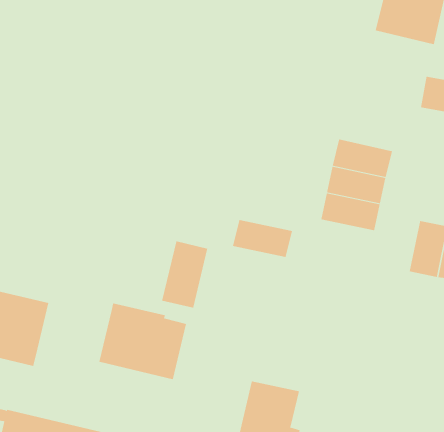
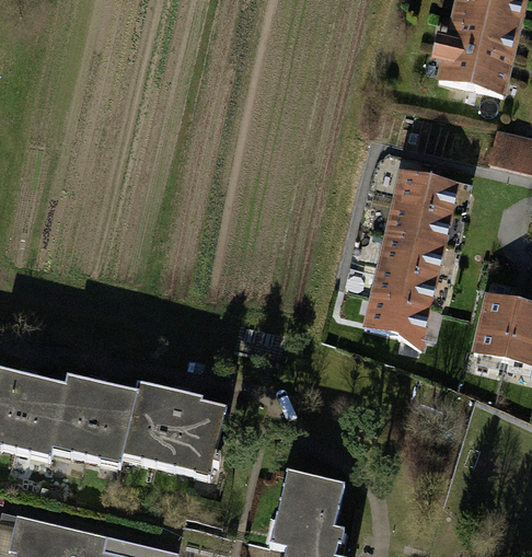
building: none -> [392,169,461,213]
building: [232,220,293,258] -> [363,292,433,336]
building: [161,241,208,309] -> none
building: none -> [44,381,129,466]

